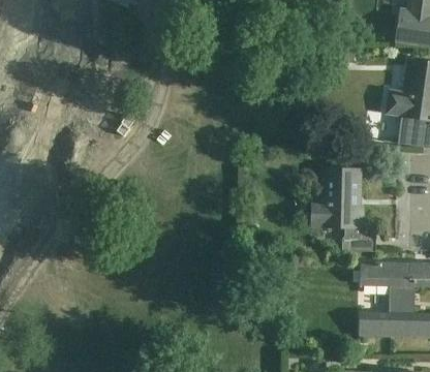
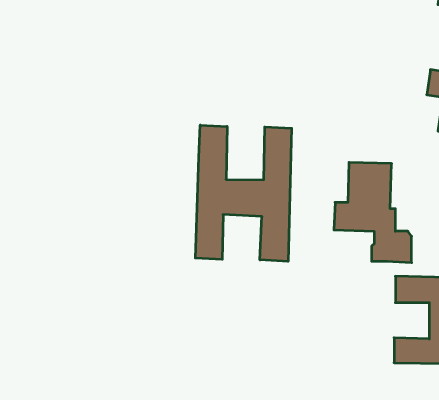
building: none -> [195,125,292,261]

